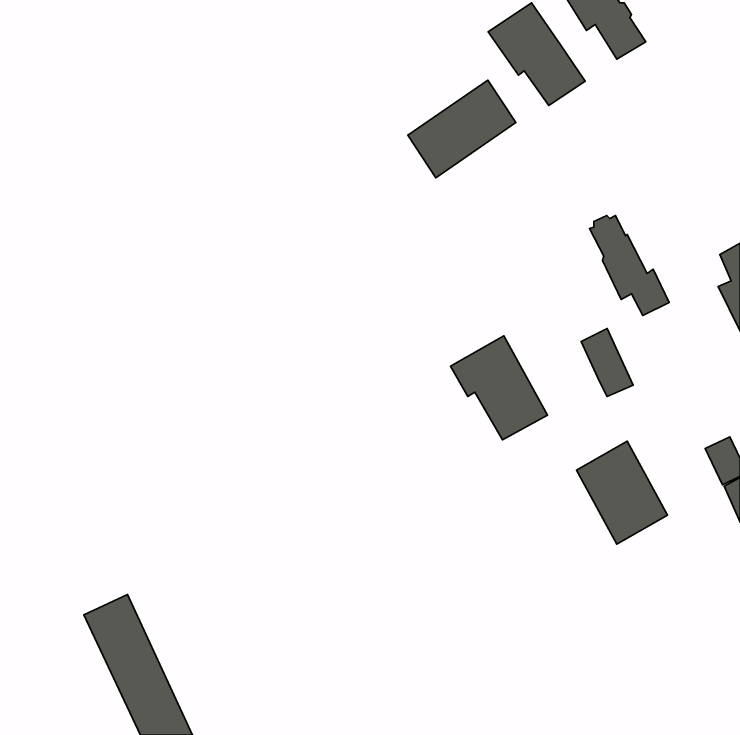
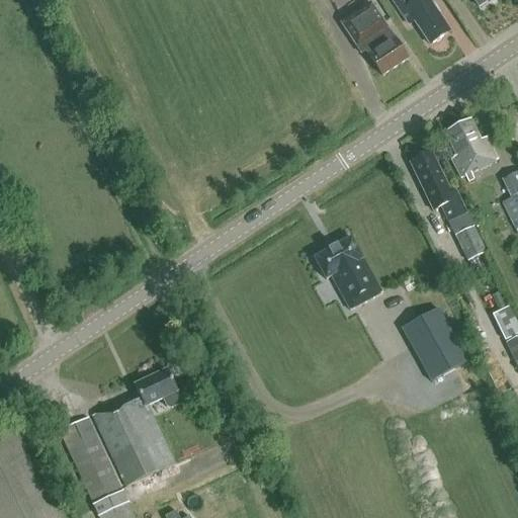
building: [408,80,516,178] -> none
building: none -> [446,118,499,176]
building: [581,329,633,397] -> [449,211,486,259]
building: none -> [92,368,181,485]

